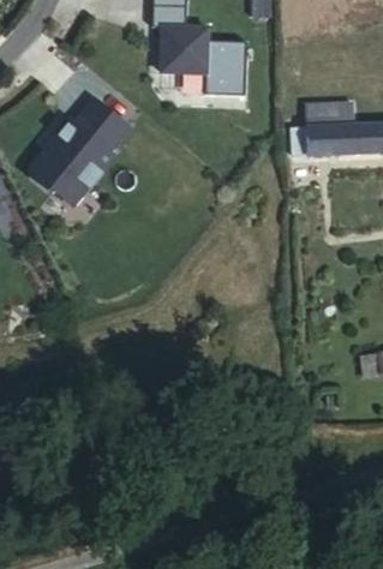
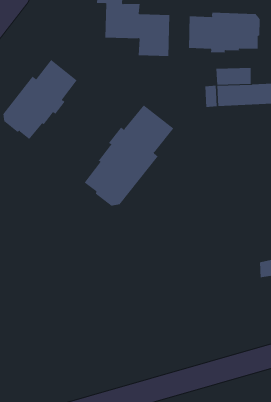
building: none -> [188,12,260,53]
building: none -> [84,104,174,207]

